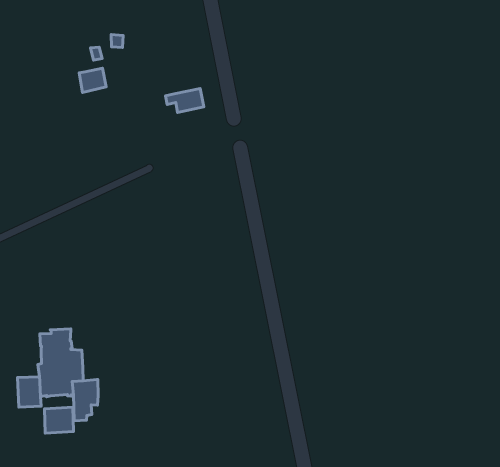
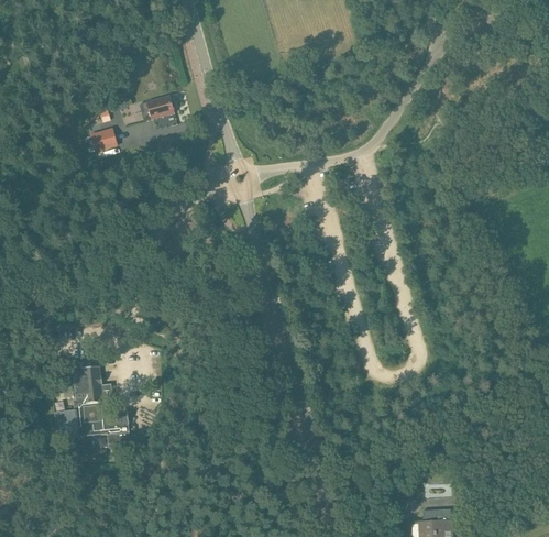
building: [165,88,204,112] -> [139,96,174,119]

